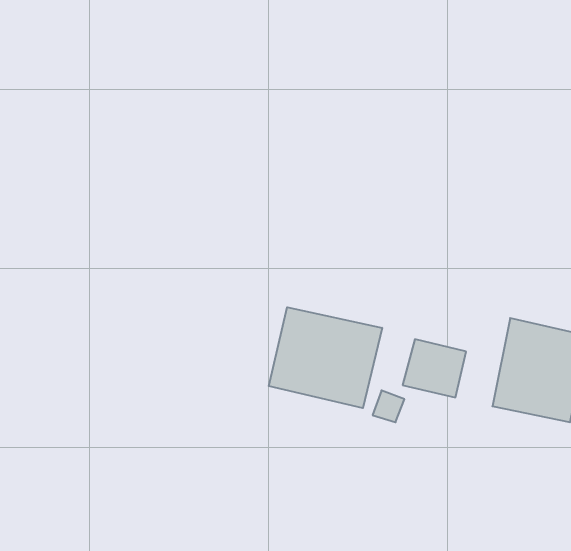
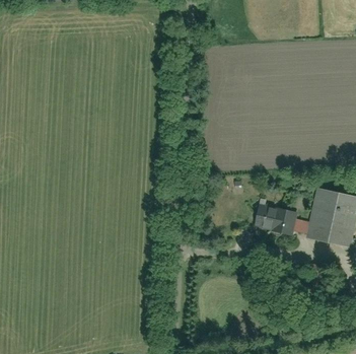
building: [269,307,382,408] -> none

